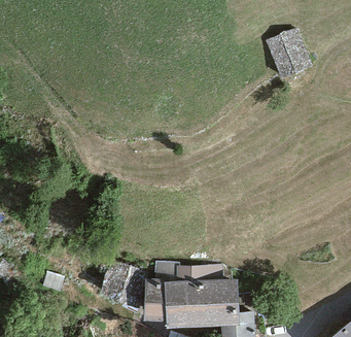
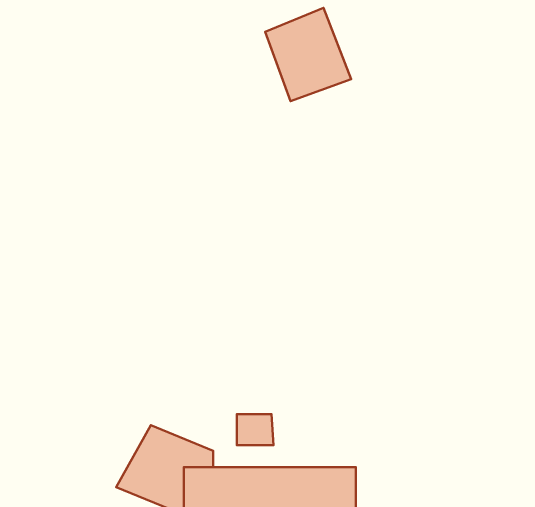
building: [268,28,316,80] -> [265,8,351,101]

